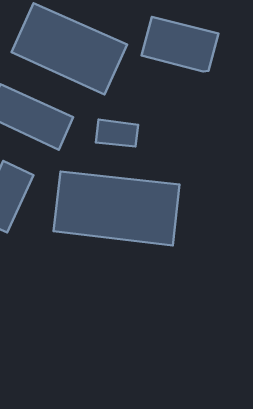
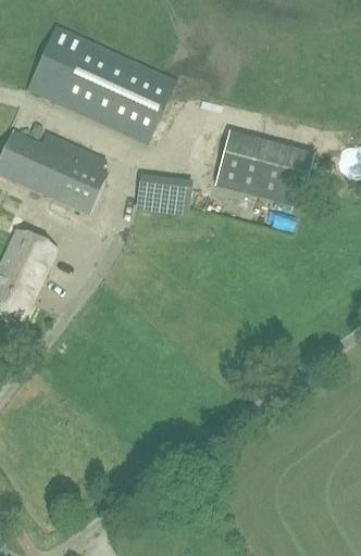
building: [142,17,218,72] -> [214,132,313,203]
building: [54,171,180,246] -> none

